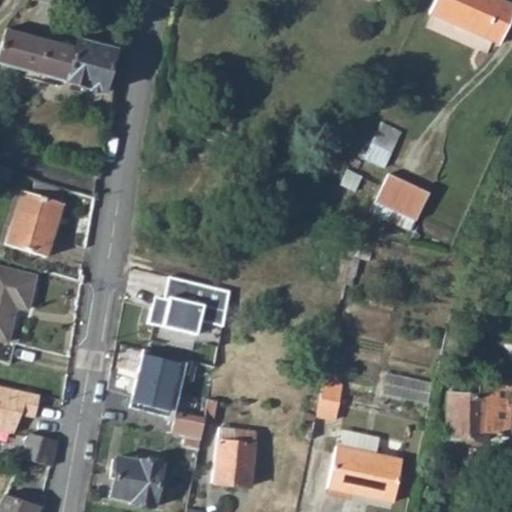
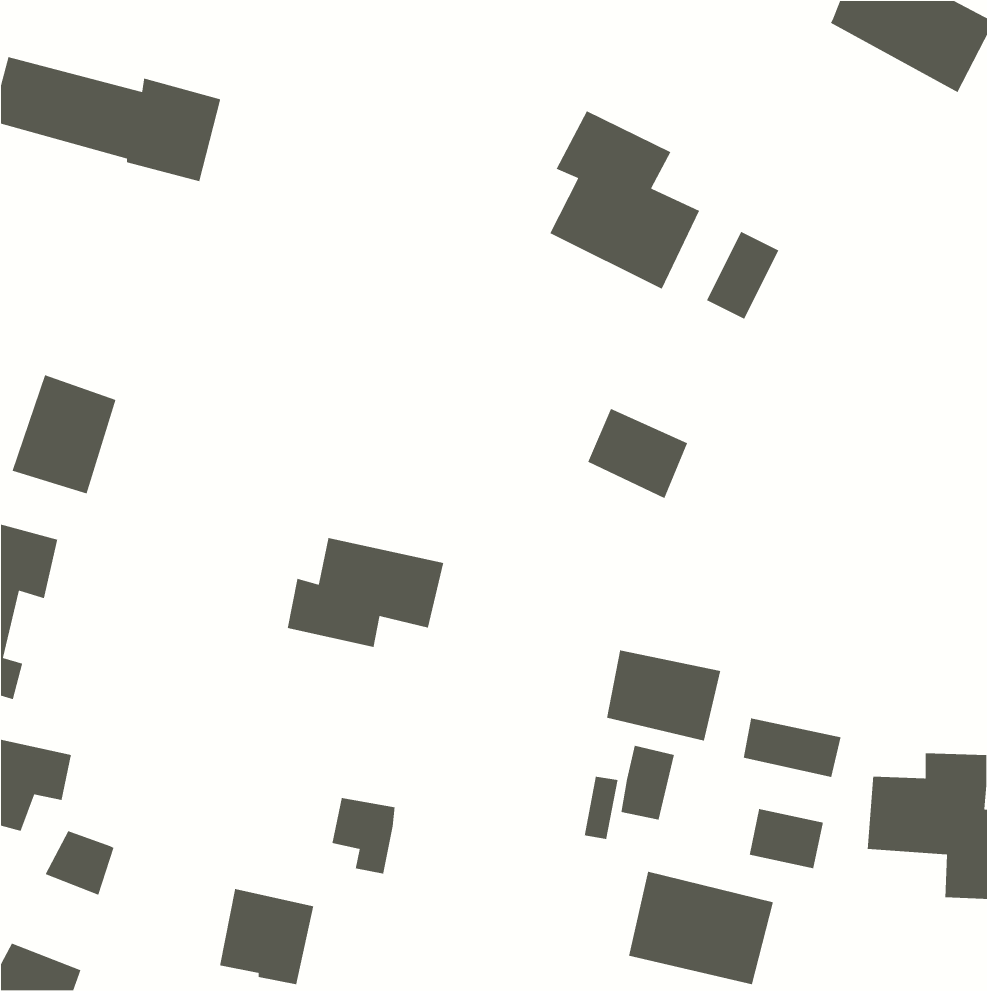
building: none -> [549,110,700,290]
building: [370,181,422,228] -> [587,408,688,499]
building: none -> [606,650,721,741]
building: [129,349,194,411] -> none
building: none -> [749,808,824,869]
building: [215,428,260,487] -> none

